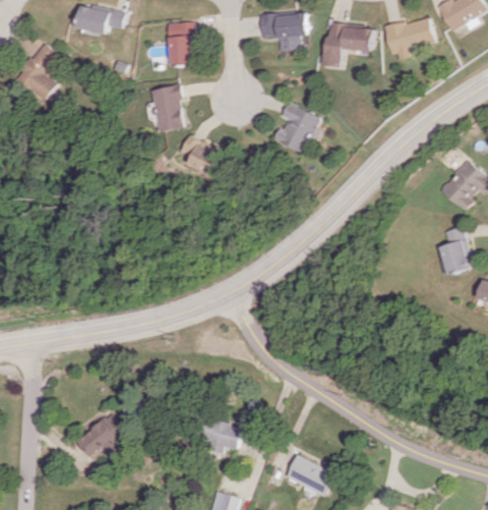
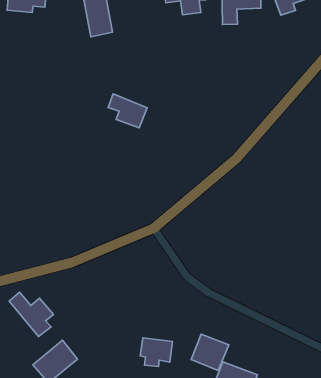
building: [151,83,186,131] -> none
building: [276,102,321,153] -> none
building: none -> [9,292,53,336]
building: none -> [191,334,229,370]

